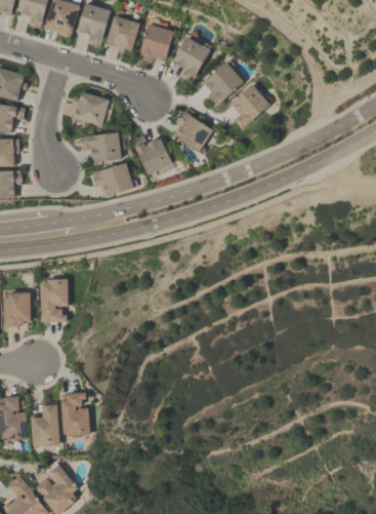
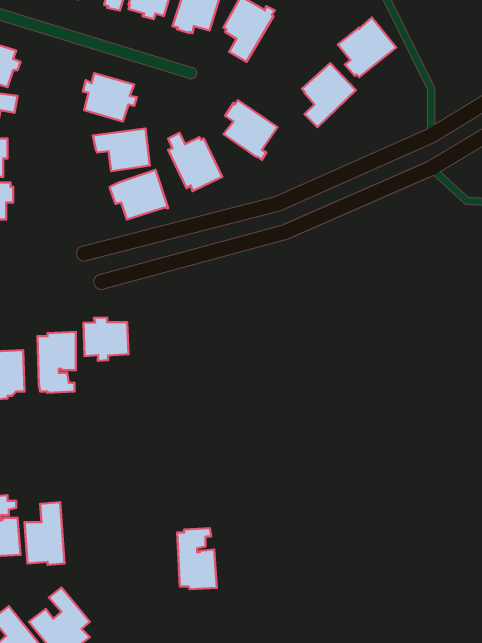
building: [202,62,244,105] -> [338,18,396,77]
building: none -> [83,318,129,361]
building: [61,392,90,436] -> [177,528,217,589]

